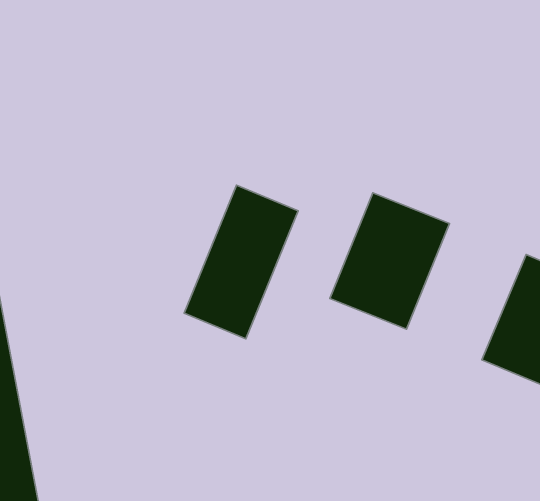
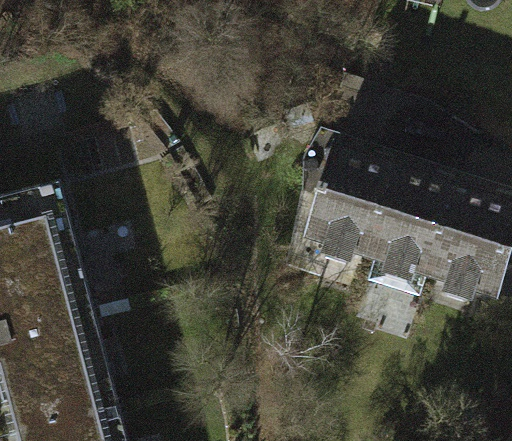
building: [184,185,298,339] -> none
building: none -> [372,180,461,284]

